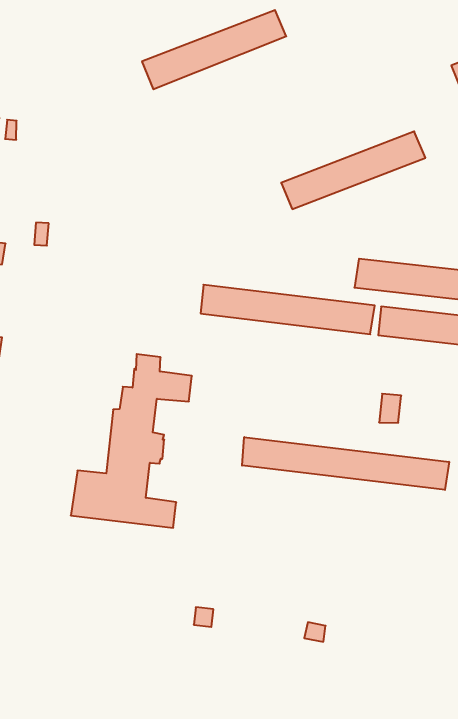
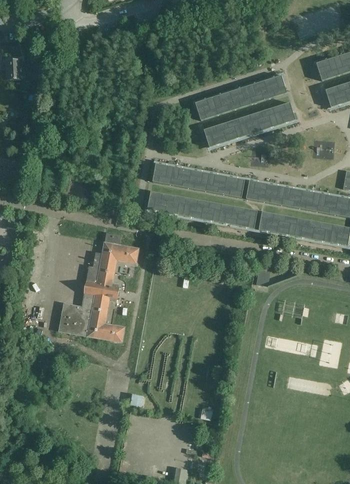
building: [142,10,286,89] -> [195,75,287,120]
building: none -> [153,163,245,197]
building: [242,437,449,490] -> none

